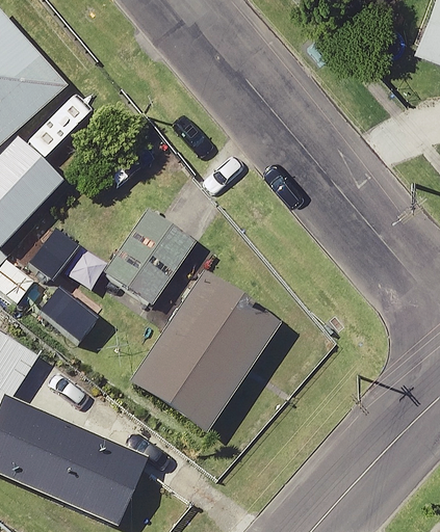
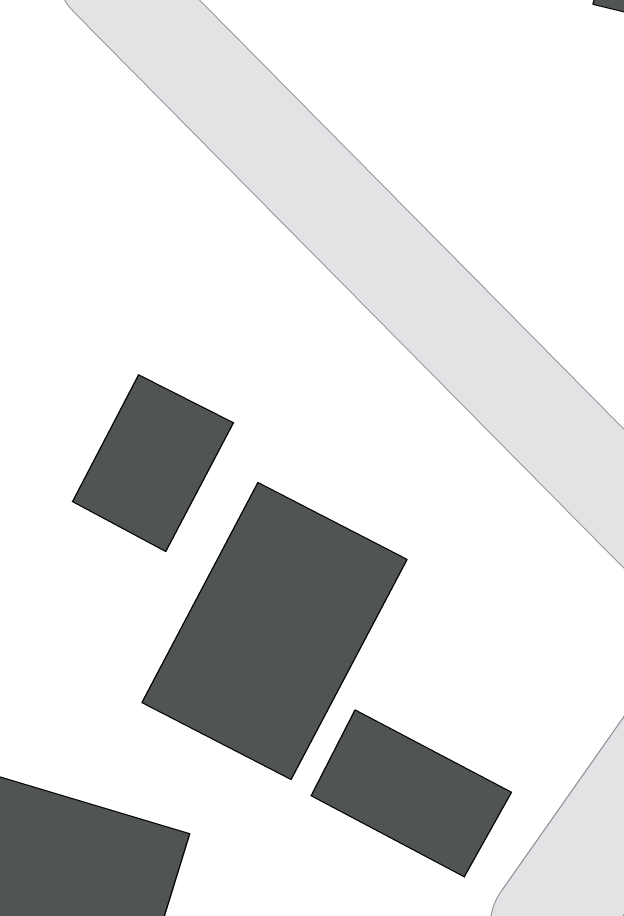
building: none -> [311,710,511,877]

